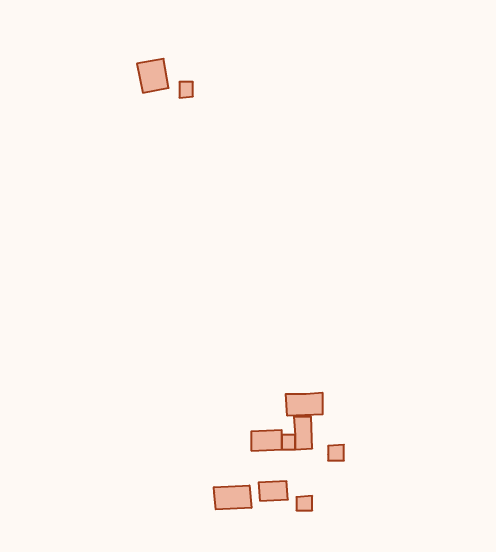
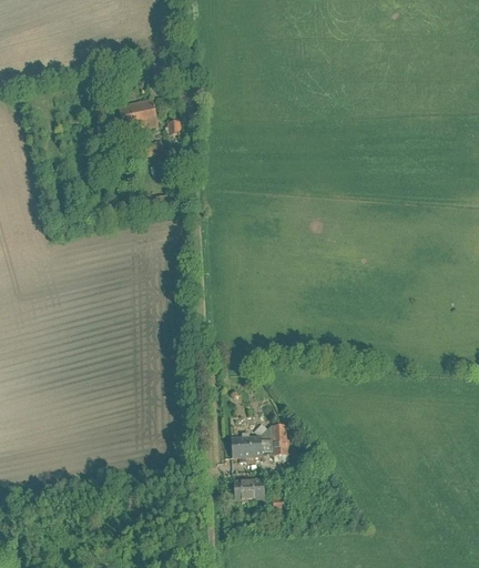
building: [286,393,323,416] -> none
building: [214,485,251,509] -> none

